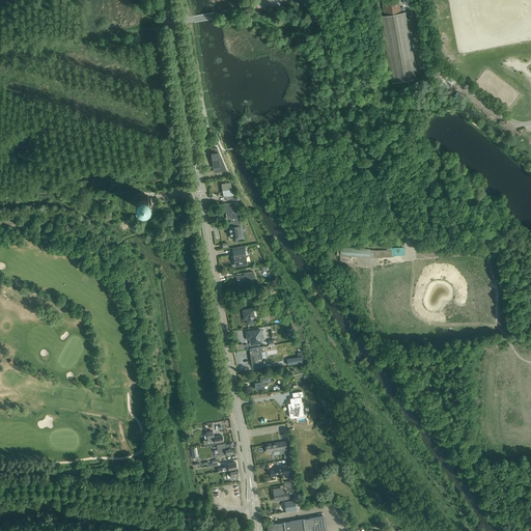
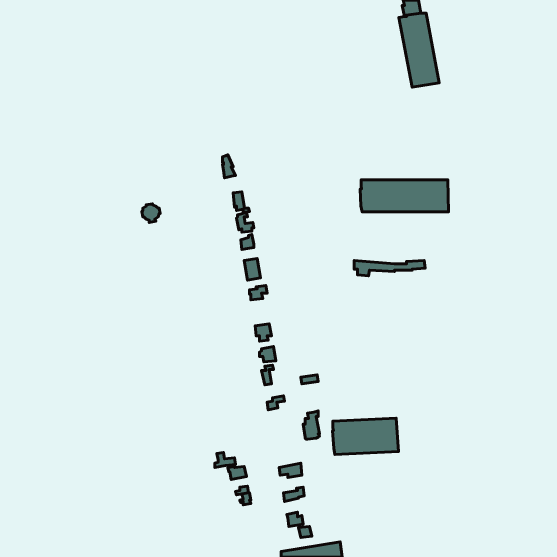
building: none -> [360,180,449,212]
building: none -> [333,418,398,454]

